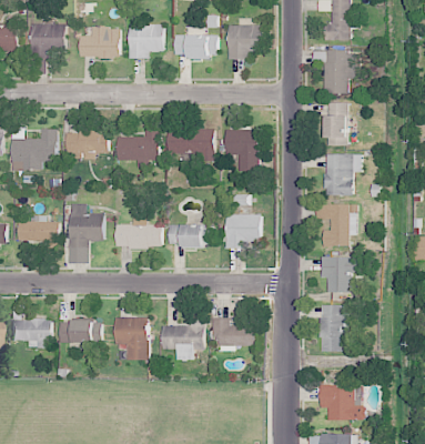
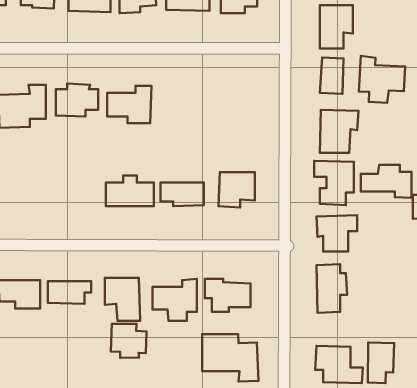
building: none -> [359,56,405,103]
building: [166,129,214,161] -> none
building: [224,129,259,171] -> none
building: [69,204,104,263] -> none
building: none -> [361,165,412,198]
building: [18,215,59,242] -> none
building: none -> [111,324,147,358]
building: none -> [202,334,258,381]
building: none -> [368,342,394,383]

